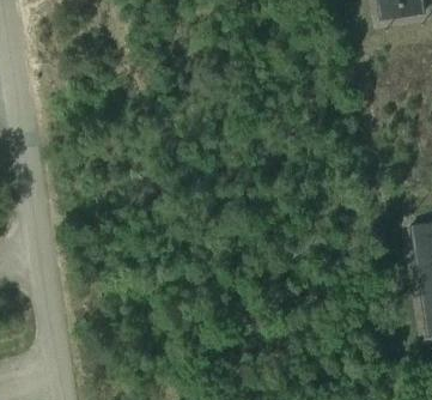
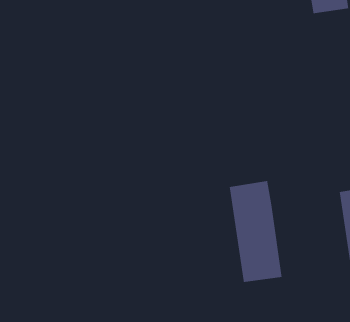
building: none -> [229,180,283,283]

